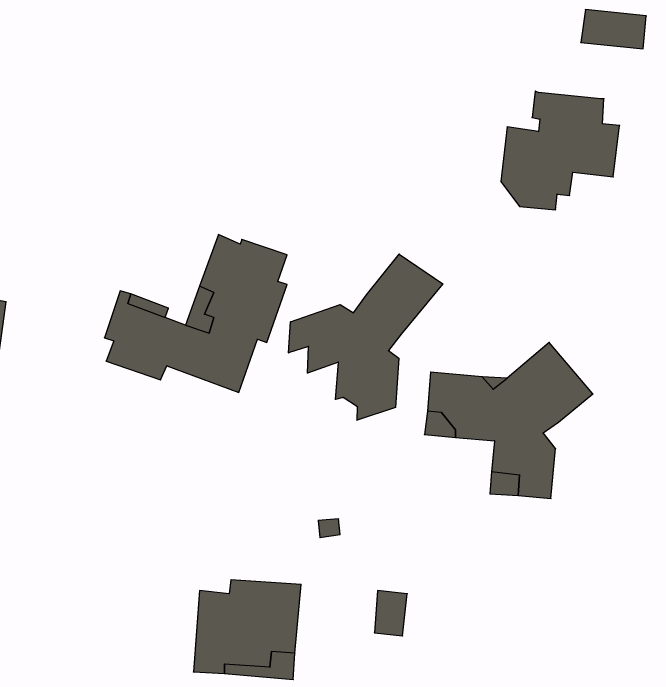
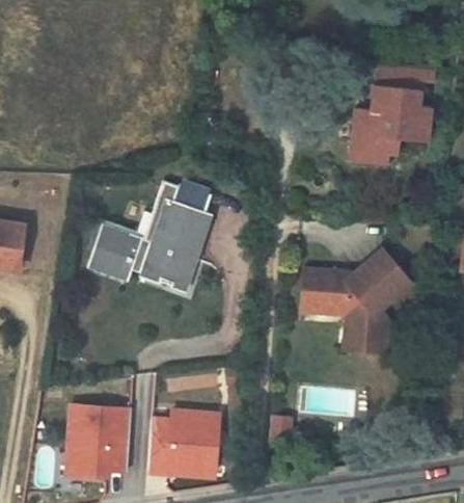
building: [581,10,646,49] -> [377,64,420,90]
building: [289,254,443,420] -> none
building: none -> [65,403,132,476]

